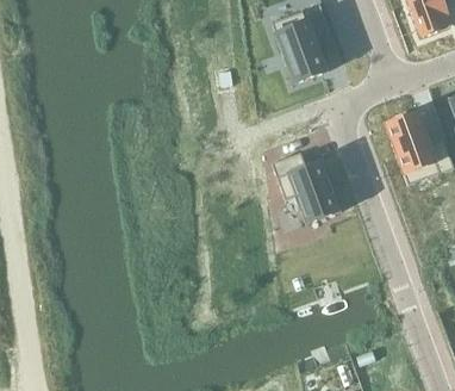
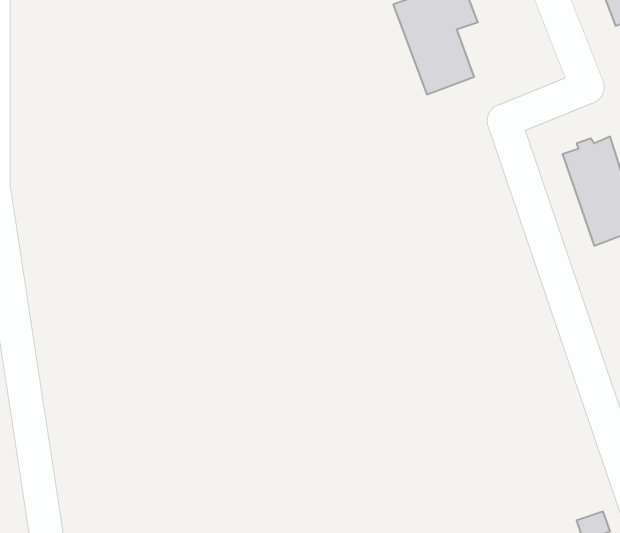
building: [273,153,339,224] -> none

